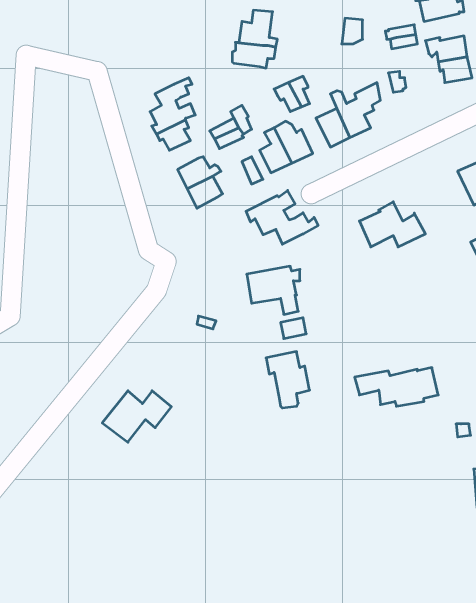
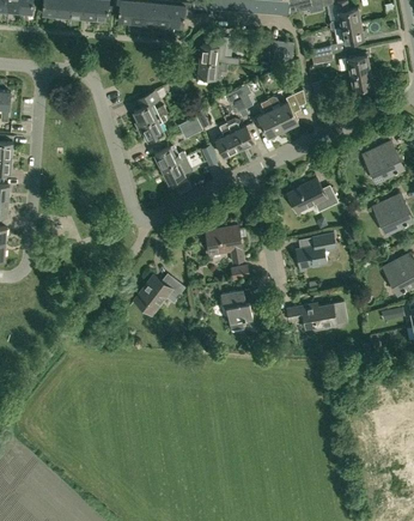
building: [246,190,318,244] -> none
building: none -> [294,234,336,273]
building: [102,391,171,442] -> [134,275,185,314]

